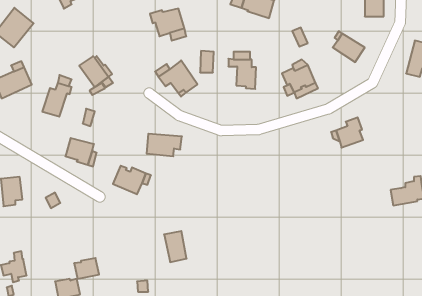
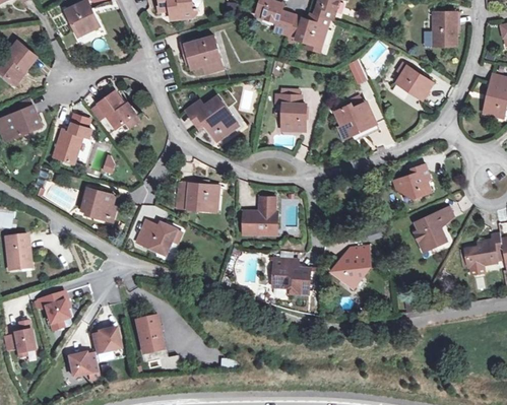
building: none -> [243,196,276,233]
building: none -> [415,205,453,248]
building: none -> [329,246,369,286]
building: none -> [271,259,307,292]
building: none -> [38,292,69,330]
building: [164,231,187,262] -> [134,317,161,353]

